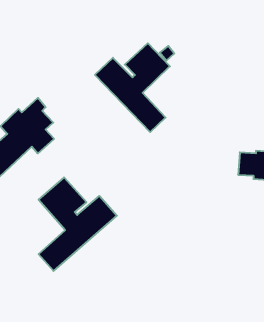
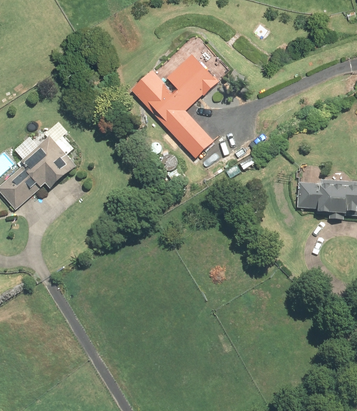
building: [39,177,117,271] -> none

